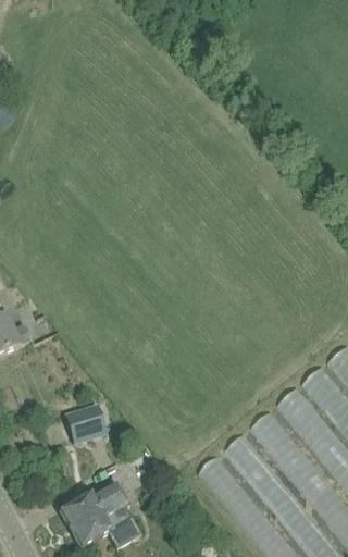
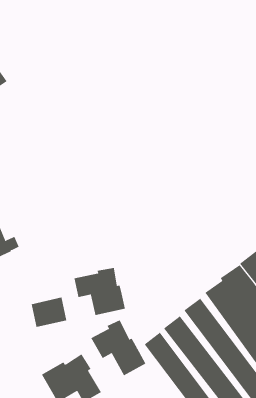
building: none -> [74,267,125,316]
building: none -> [91,319,146,376]

